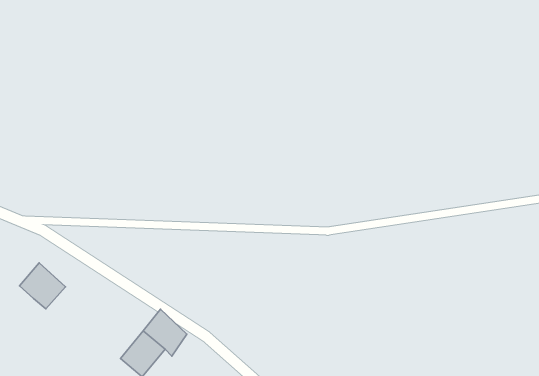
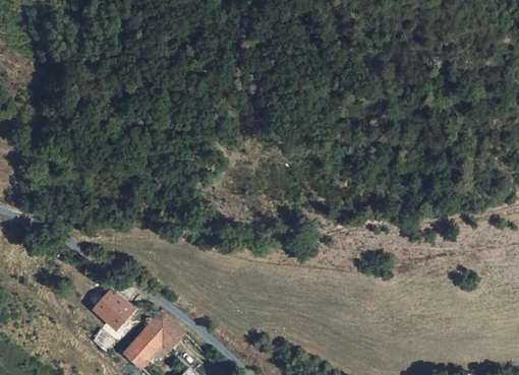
building: [20,263,65,309] -> [93,289,133,329]

